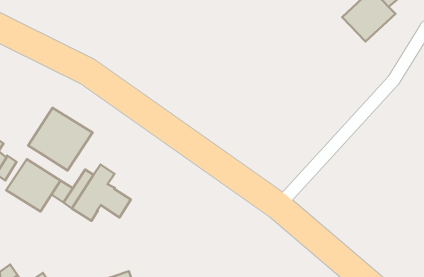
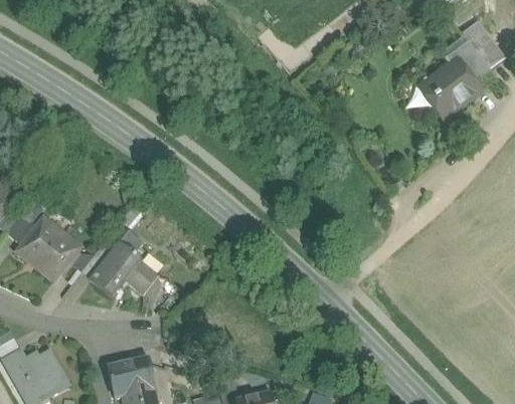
building: [28,108,93,170] -> none

